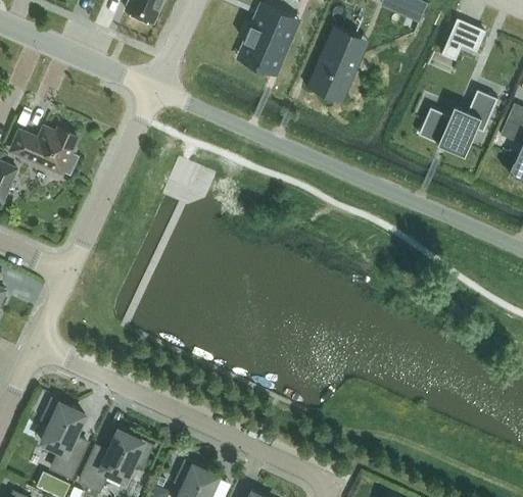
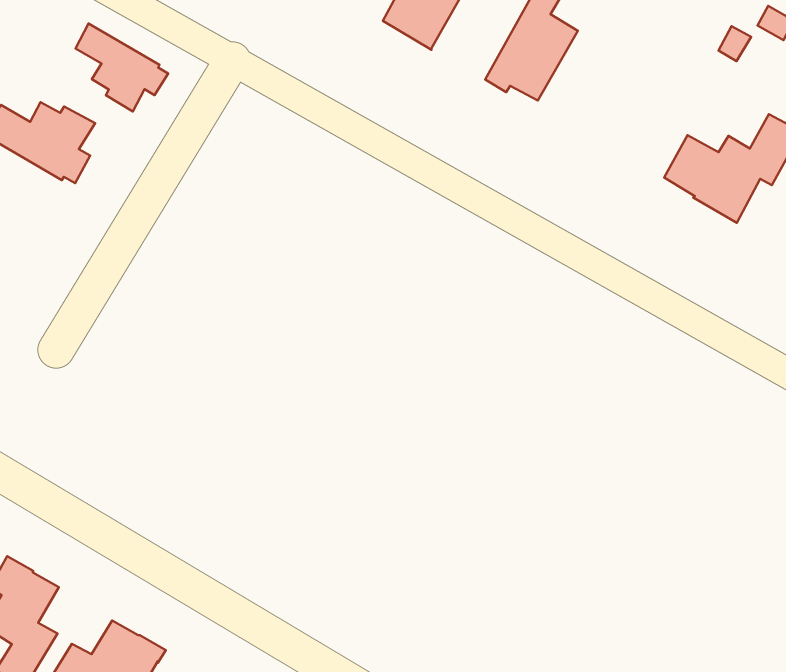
building: none -> [76,24,168,111]

